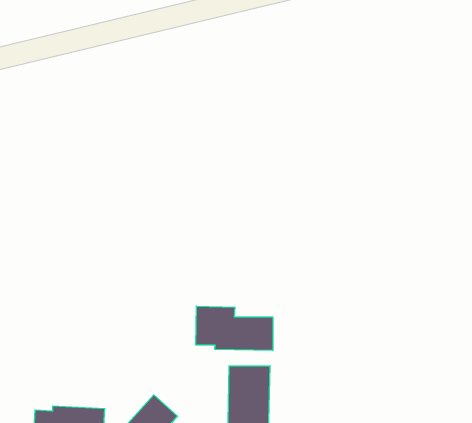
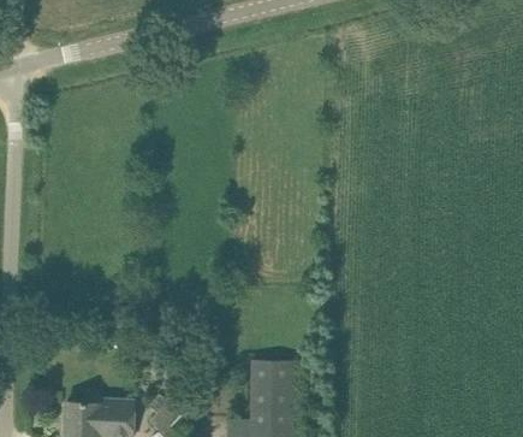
building: [196,306,273,351] -> none

